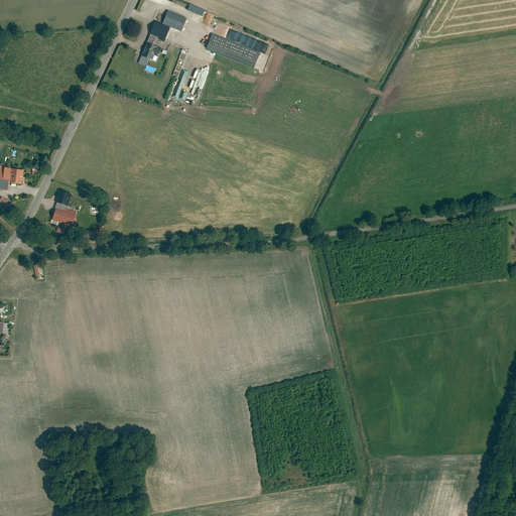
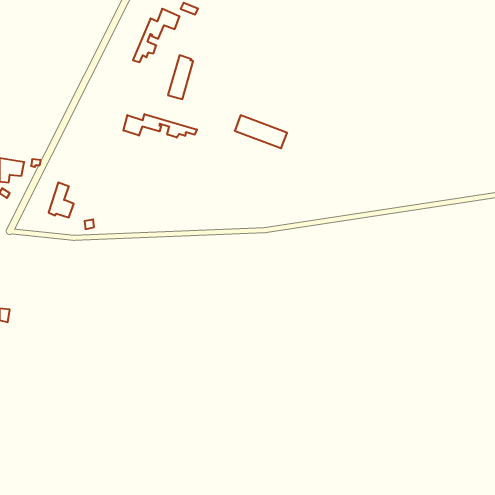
building: [207,32,261,67] -> [235,115,287,148]
building: none -> [123,114,197,138]

